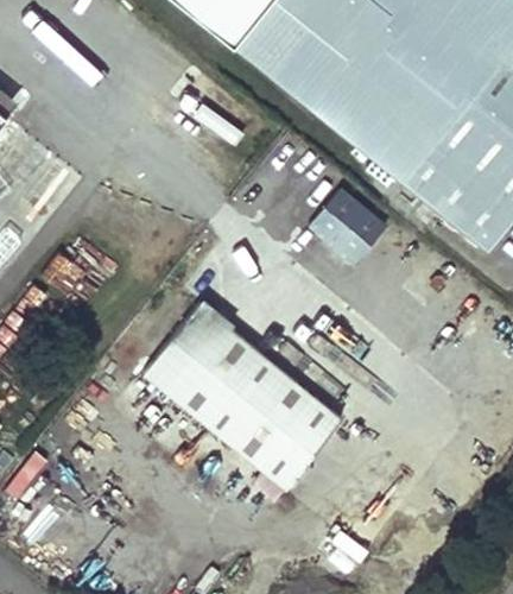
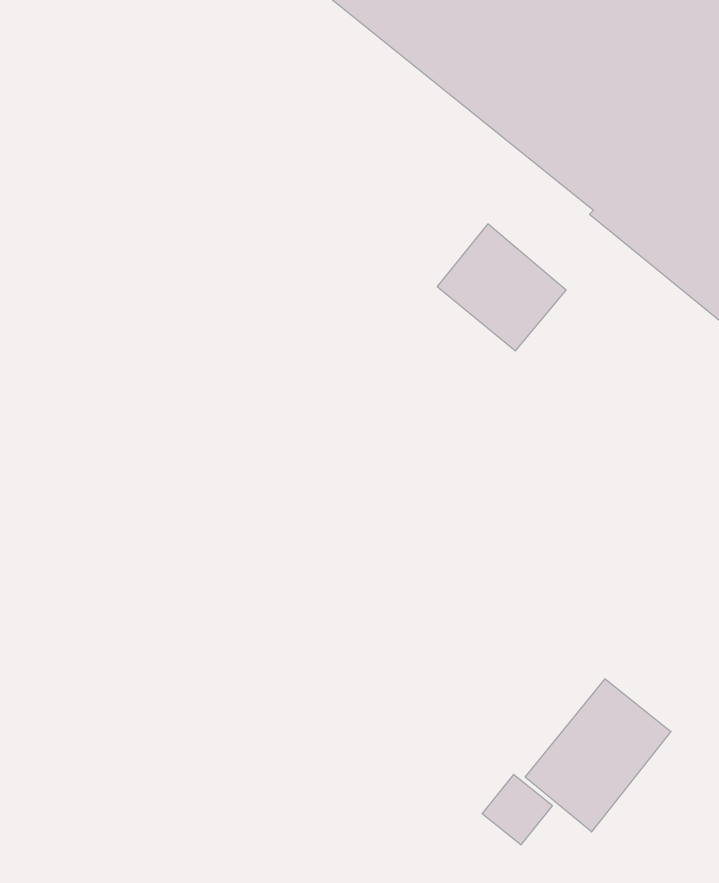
building: [141,302,340,487] -> none
building: none -> [525,679,671,832]

